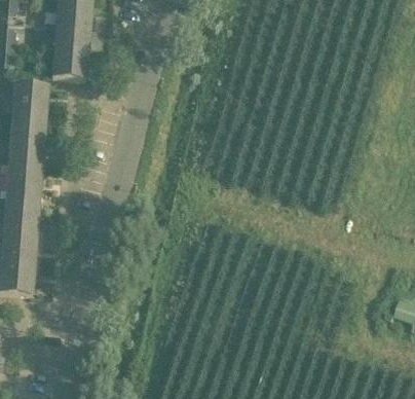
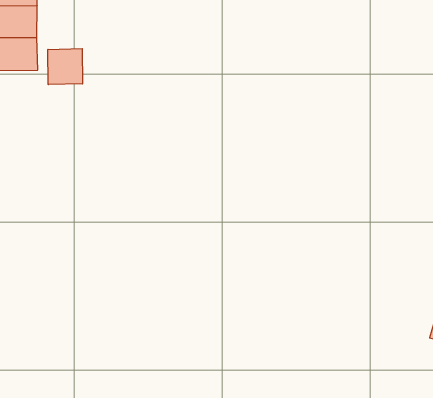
building: none -> [48,49,82,85]

